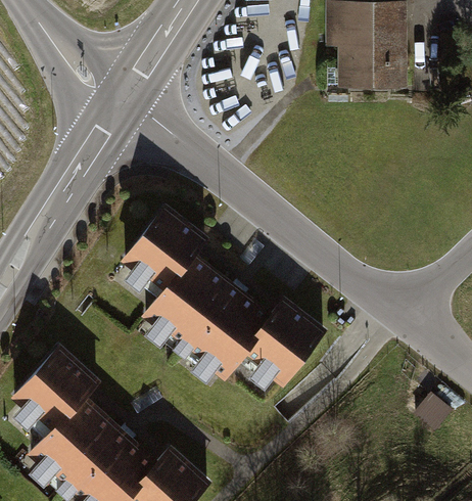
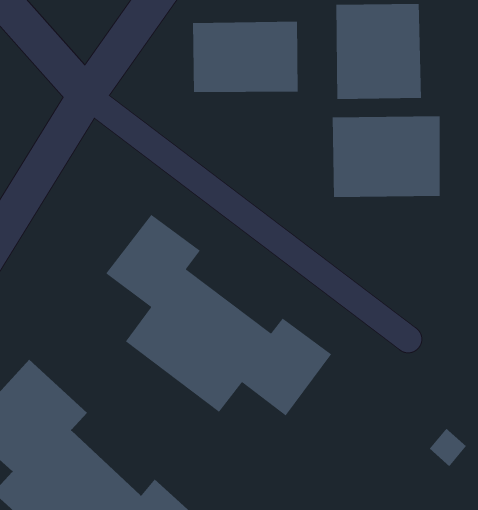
building: none -> [192,21,299,93]
building: none -> [332,116,441,198]

